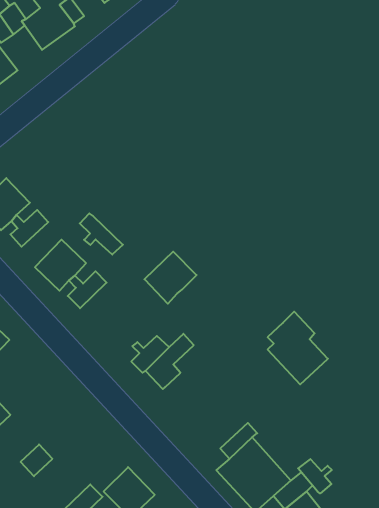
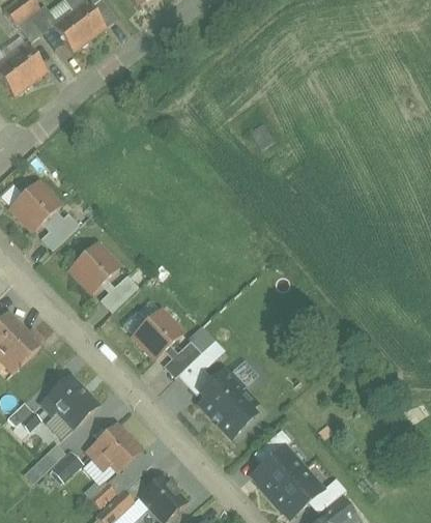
building: [80,213,123,255] -> none
building: [144,252,197,304] -> [131,308,183,360]
building: [268,312,328,384] -> [197,366,258,439]
building: none -> [38,377,95,434]
building: none -> [83,419,143,473]
building: [298,459,332,493] -> none

